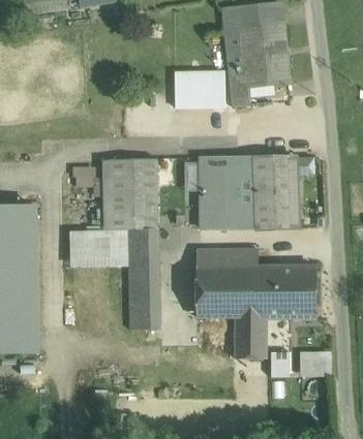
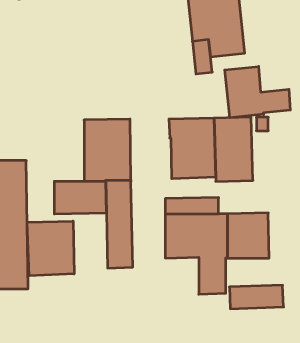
building: [175,69,225,106] -> none
building: none -> [225,66,290,118]
building: none -> [27,221,74,276]

